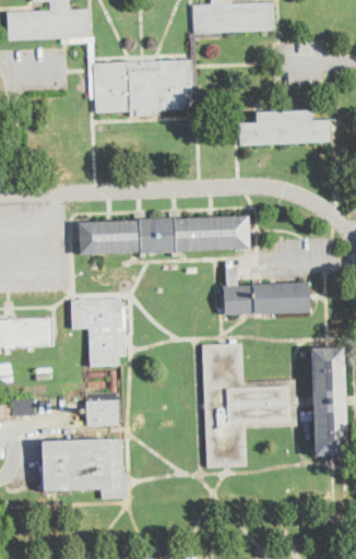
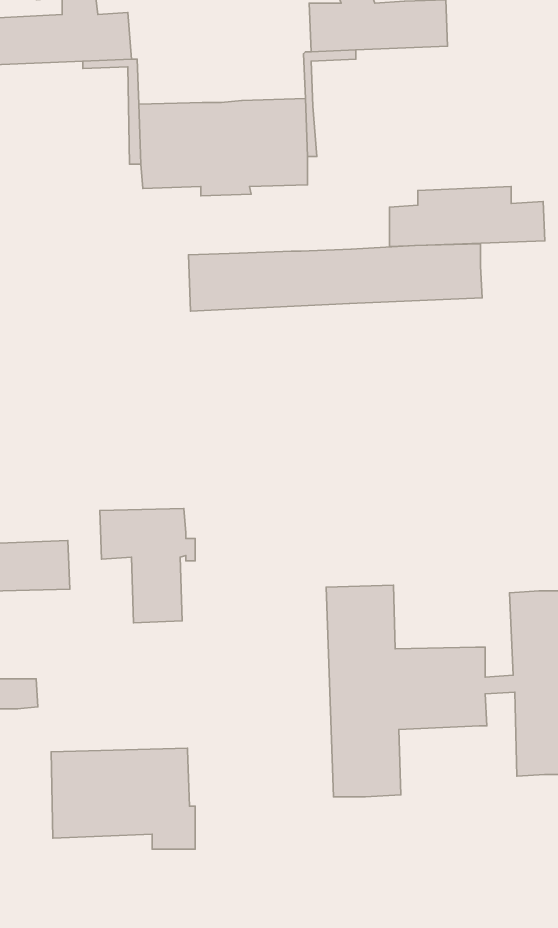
building: [78,216,249,255] -> [189,244,482,311]
building: [223,267,309,316] -> none
building: [85,400,120,426] -> none

